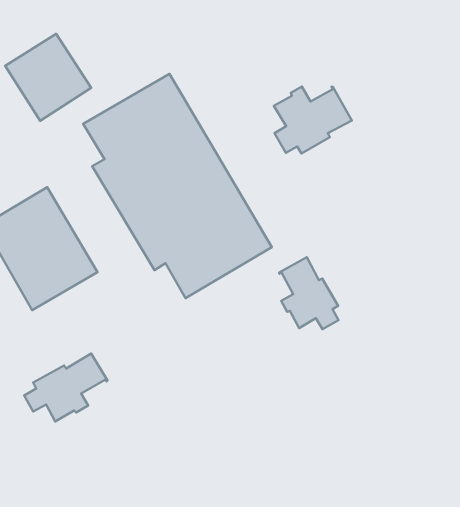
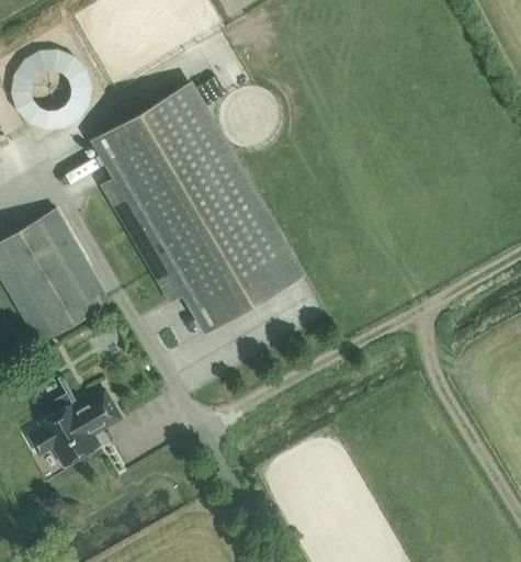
building: [274,87,352,154] -> none
building: [279,257,338,329] -> none

